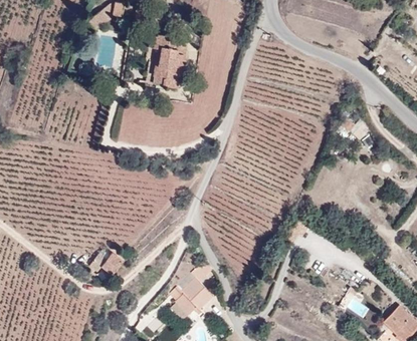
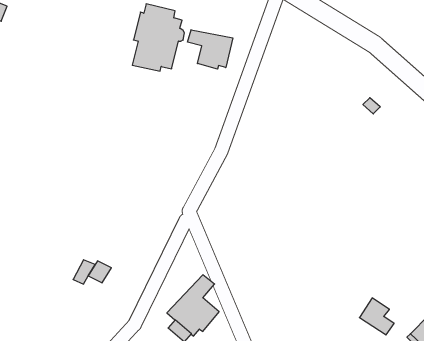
building: none -> [188,30,233,69]

